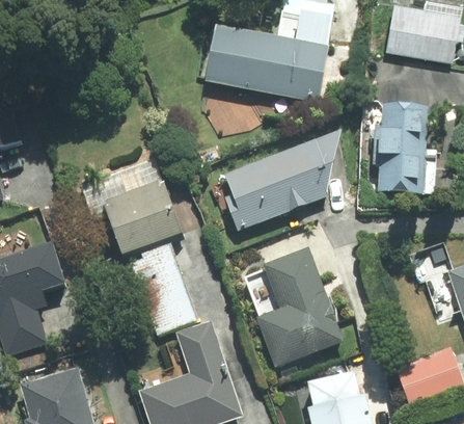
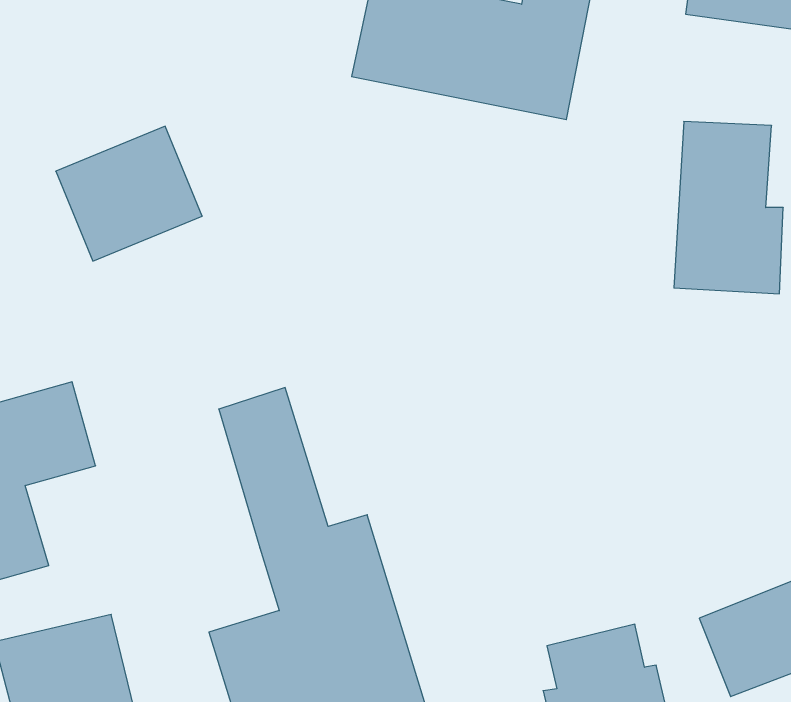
building: [213,127,337,232] -> none
building: [106,180,184,251] -> [56,126,202,261]
building: [251,242,344,367] -> none

